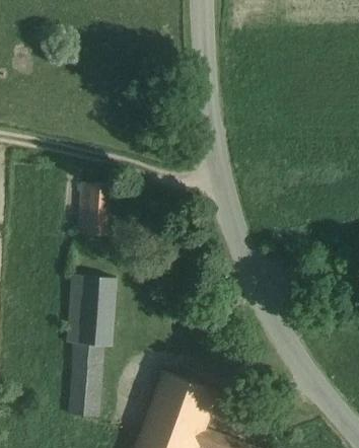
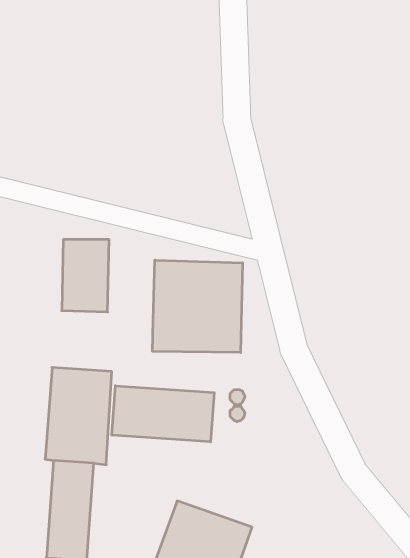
building: none -> [153,260,242,353]
building: none -> [112,386,214,442]

